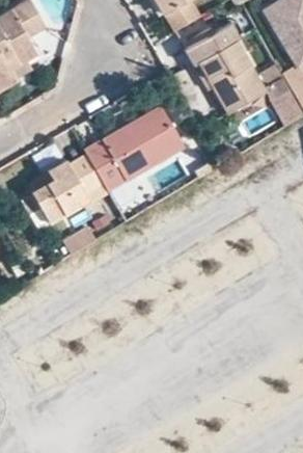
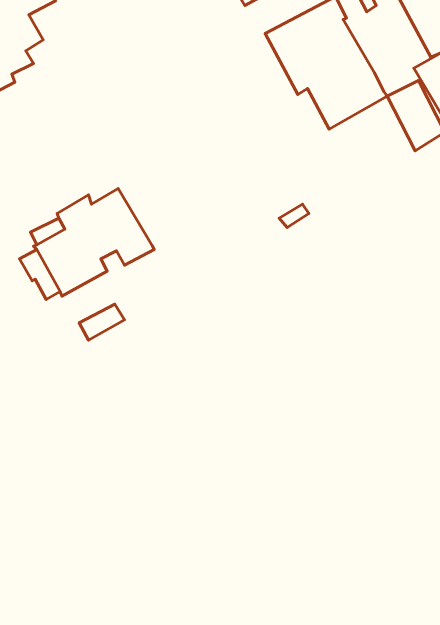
building: [85,104,186,207] -> none

